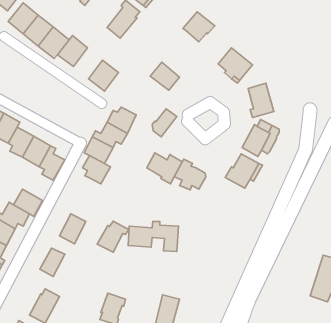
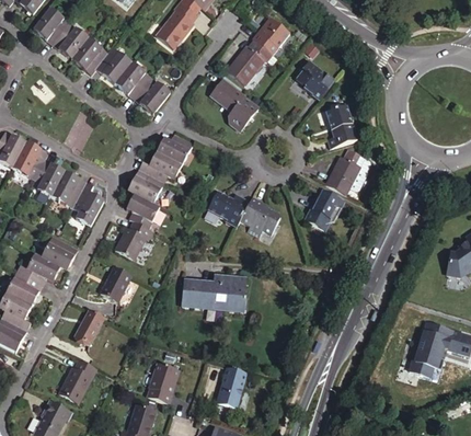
building: none -> [226,38,273,84]
building: none -> [115,60,151,99]
building: [152,109,177,137] -> [229,96,260,131]
building: [97,221,129,252] -> [113,220,152,259]

